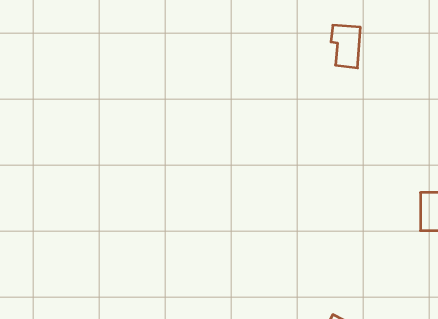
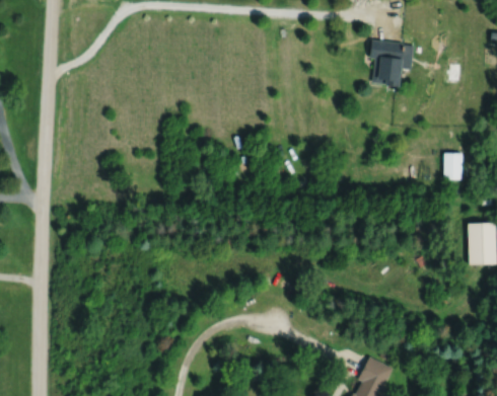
building: none -> [444,153,465,180]

